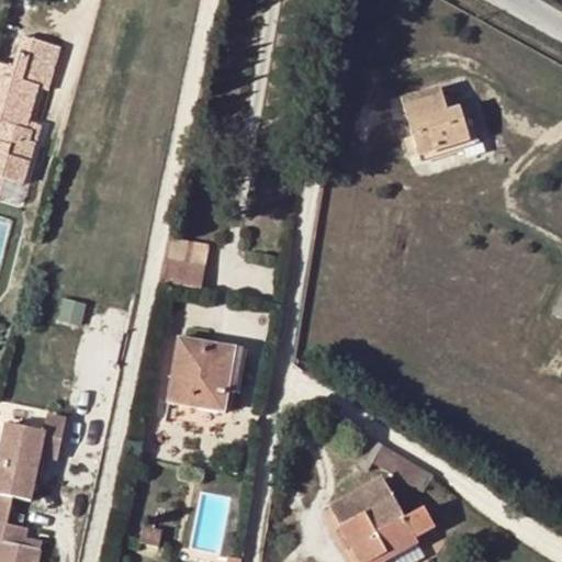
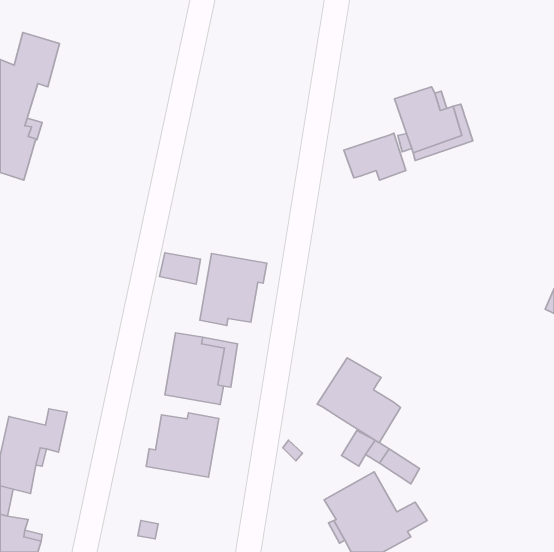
building: none -> [344,133,406,180]
building: none -> [200,254,267,325]
building: none -> [317,358,401,443]
building: none -> [146,413,219,477]

